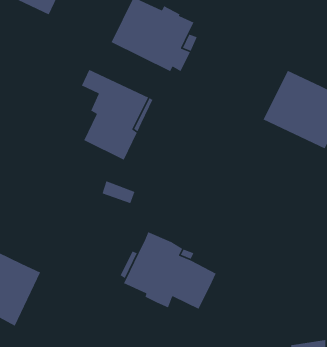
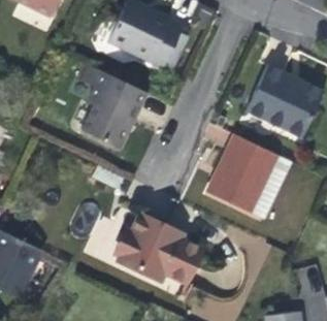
building: none -> [205,135,276,214]

